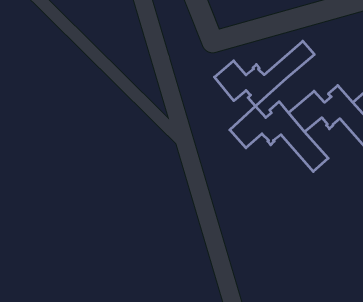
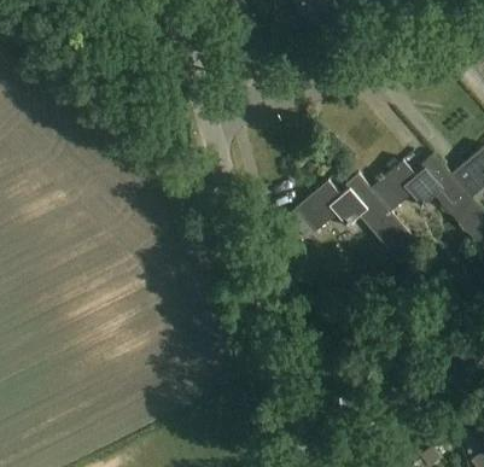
building: [214,41,314,106] -> none

